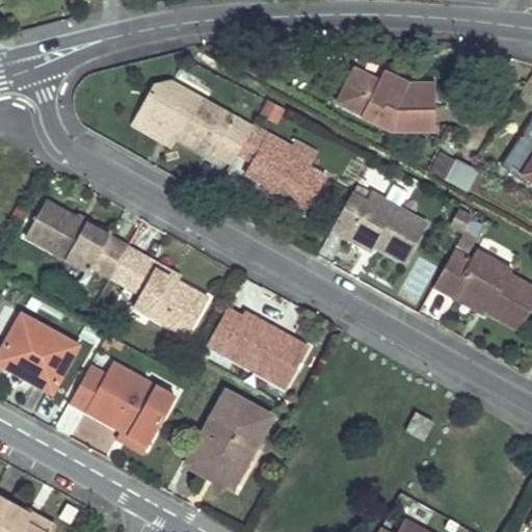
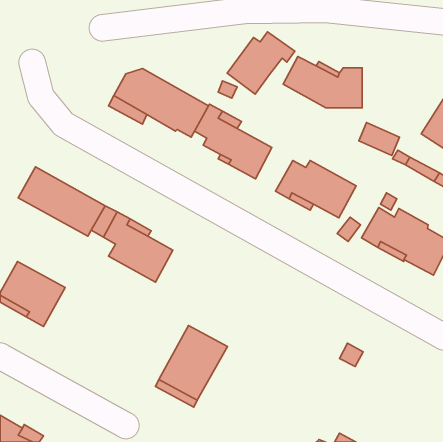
building: none -> [227,32,295,94]
building: [207,305,309,385] -> none
building: [72,361,177,452] -> none

